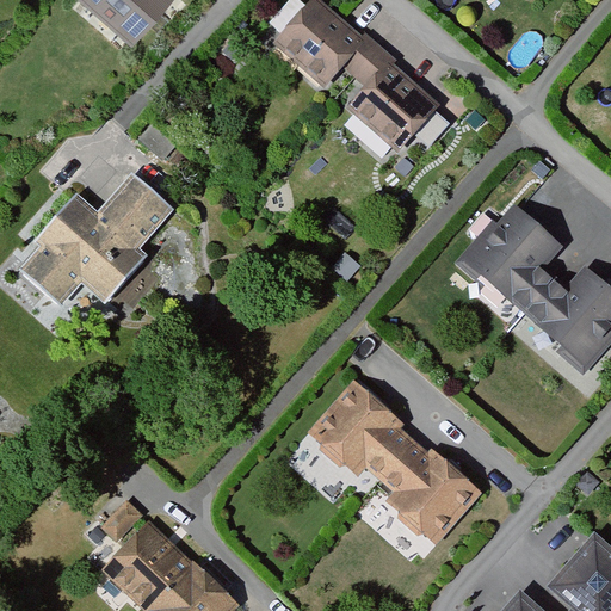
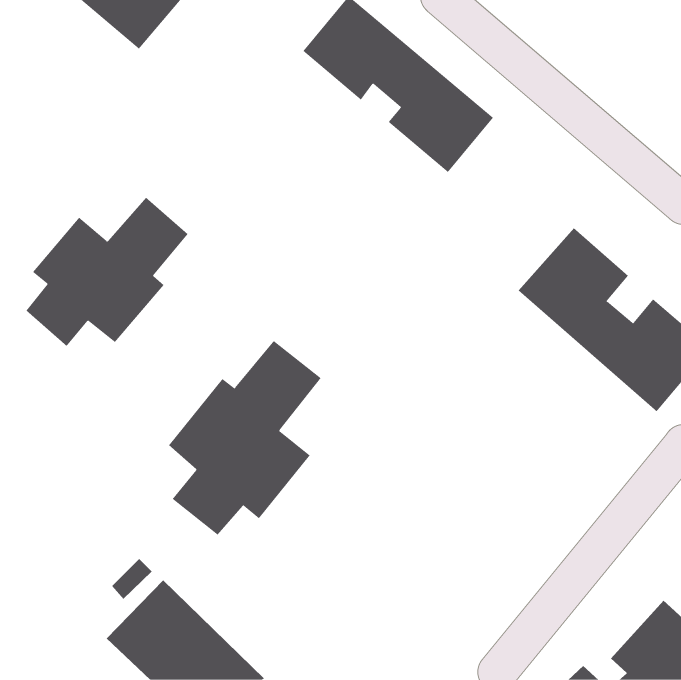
building: none -> [168,340,322,536]
building: [303,382,490,557] -> none

